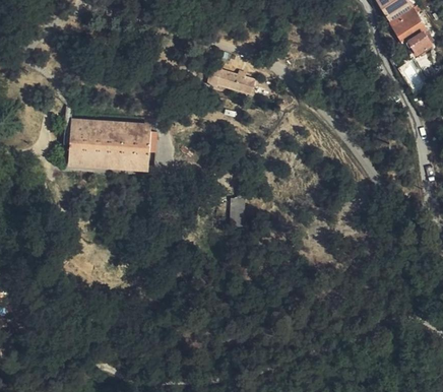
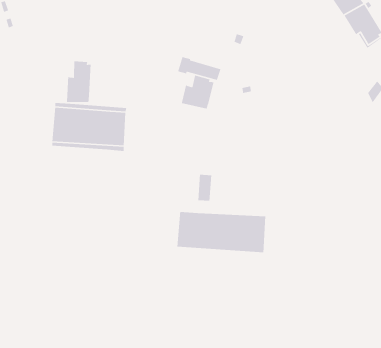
building: none -> [66,60,92,103]
building: none -> [180,75,214,110]
building: none -> [177,211,266,253]

